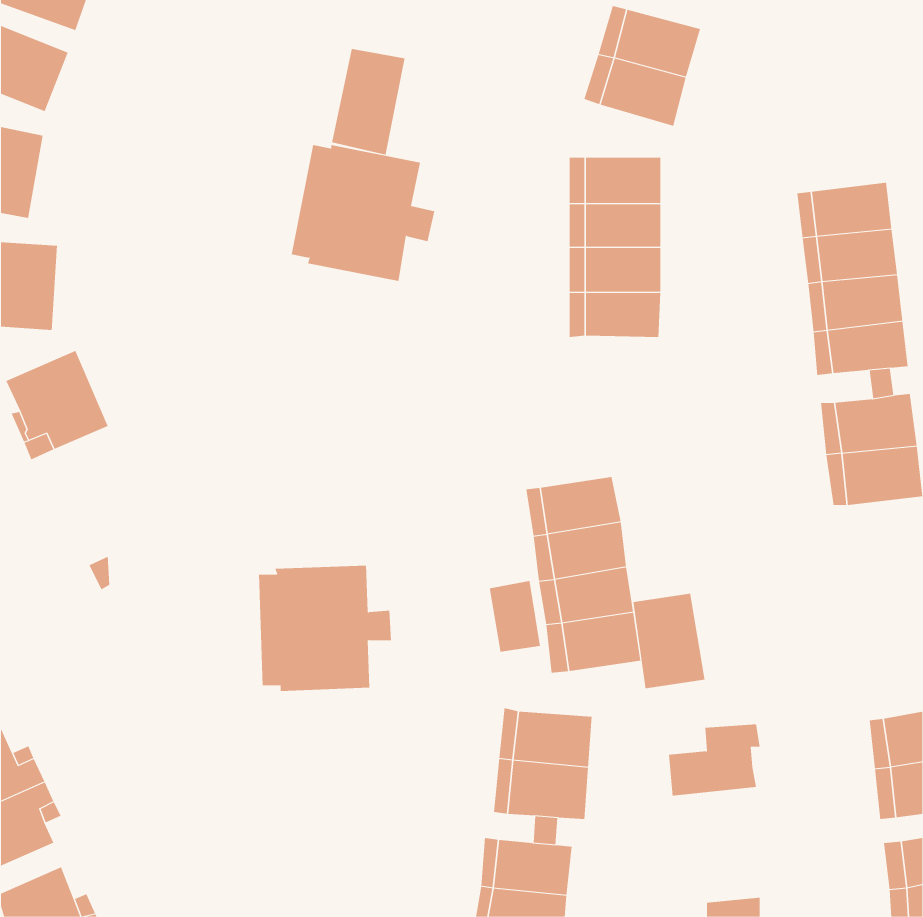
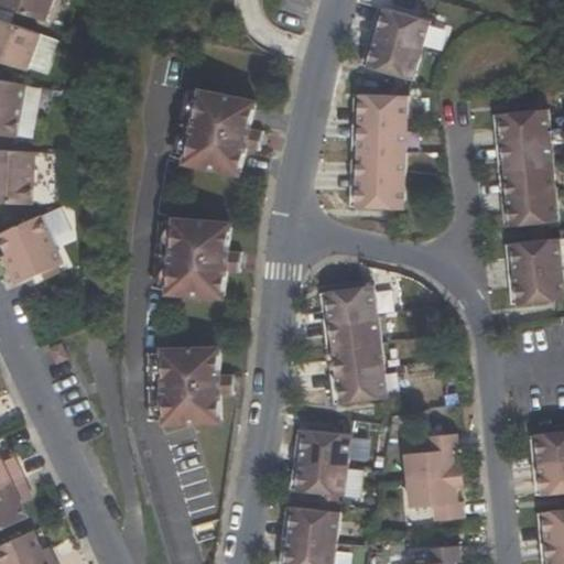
building: [331,48,405,155] -> none
building: none -> [162,217,245,295]
building: [489,580,540,653] -> none
building: [633,593,705,689] -> none
building: none -> [410,480,470,525]

